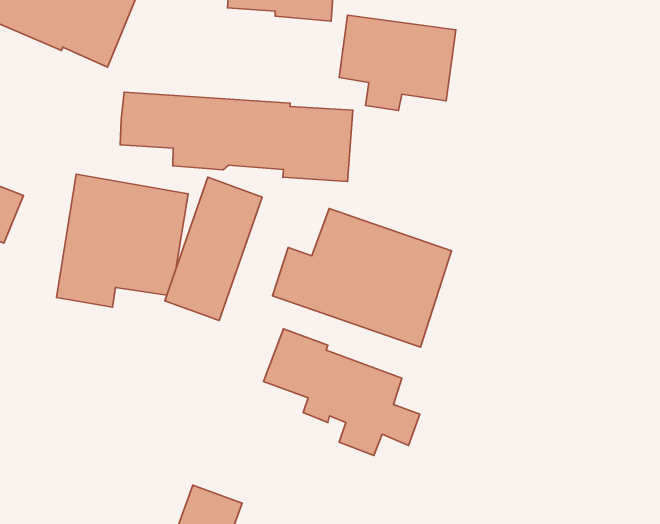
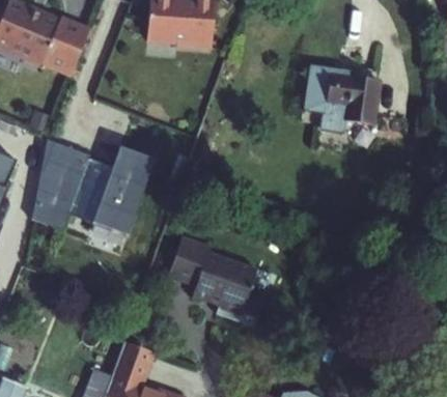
building: [339,15,456,111] -> [304,70,378,131]
building: [120,92,353,182] -> none
building: [272,208,451,347] -> none

